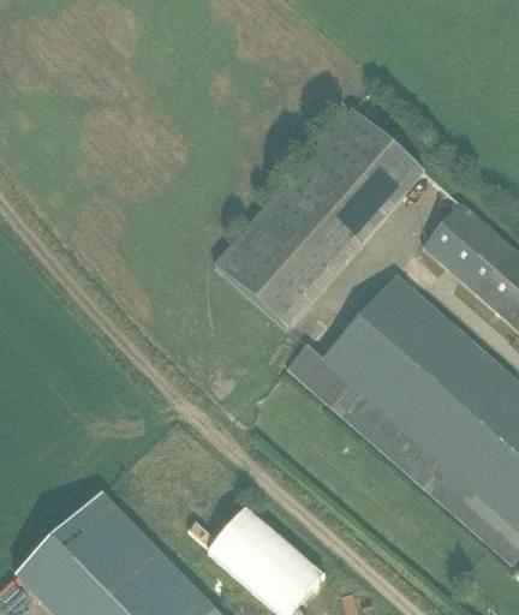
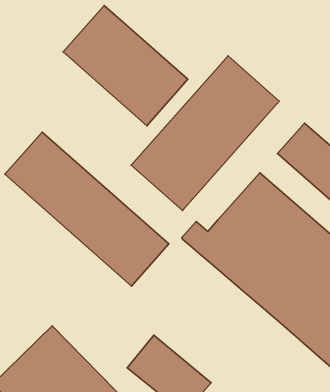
building: none -> [63,5,188,126]
building: none -> [5,132,169,286]

